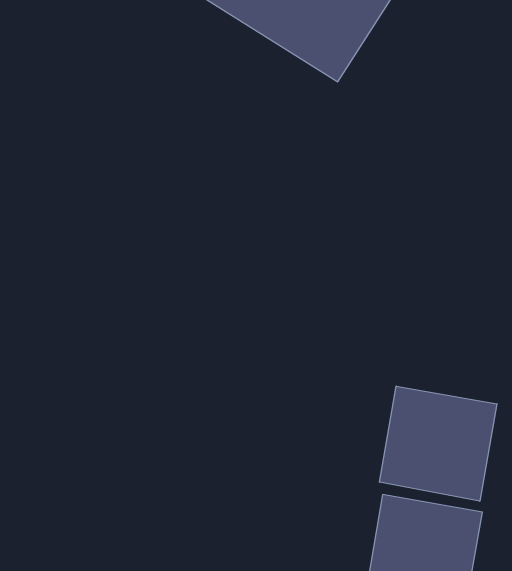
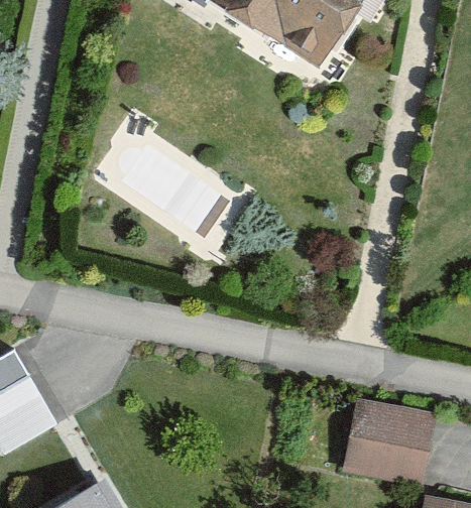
building: [380,386,497,501] -> none

